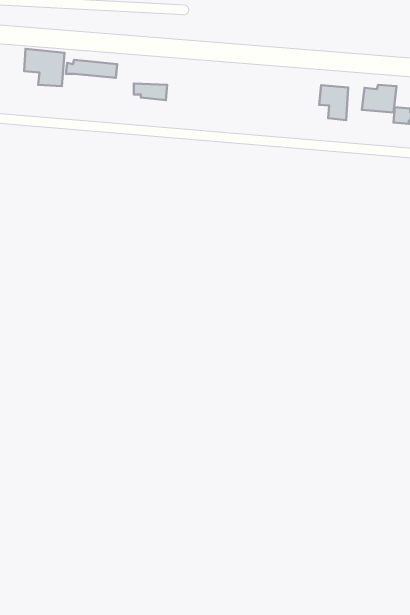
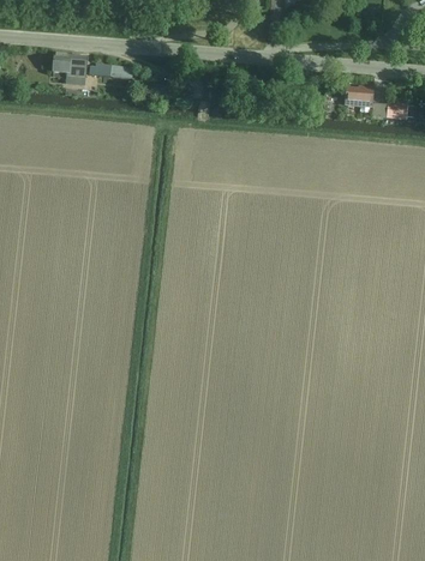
building: [319,85,348,120] -> none

